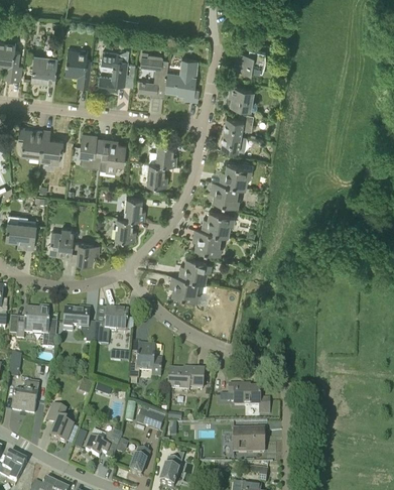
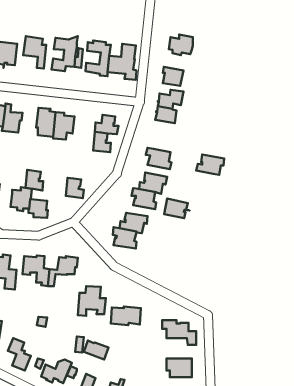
building: [219,162,252,187] -> [196,154,224,175]
building: [124,196,145,220] -> [25,170,43,190]
building: none -> [164,198,189,218]

